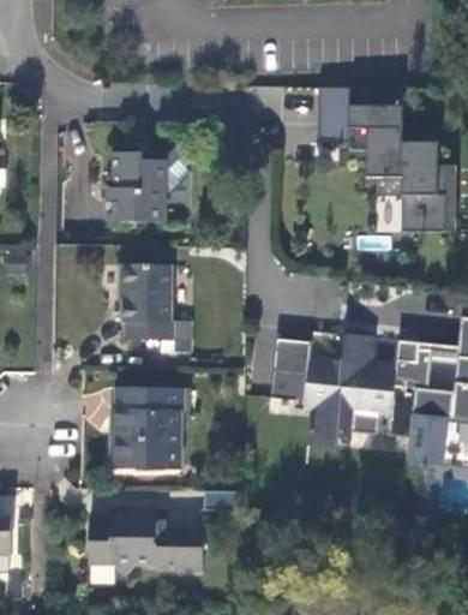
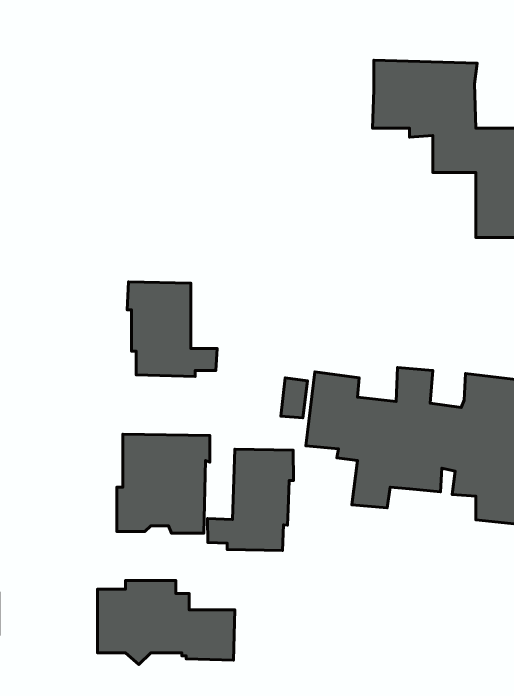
building: [110,151,167,221] -> none
building: none -> [207,449,293,550]

